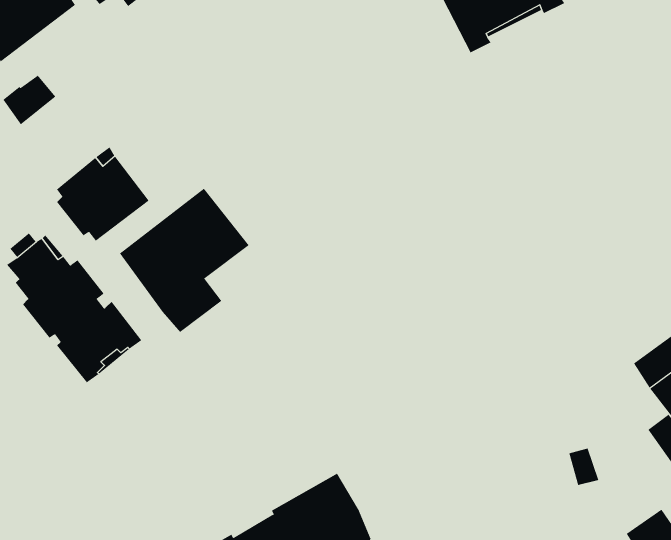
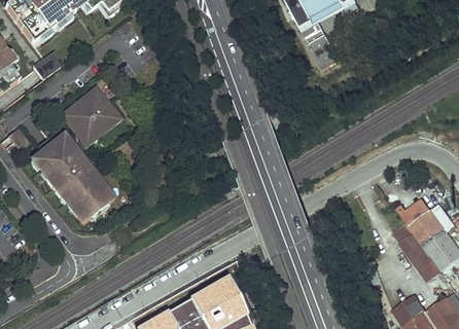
building: [119,188,250,333] -> none

